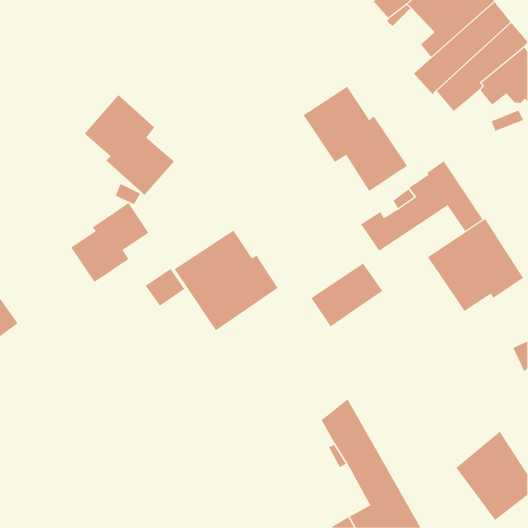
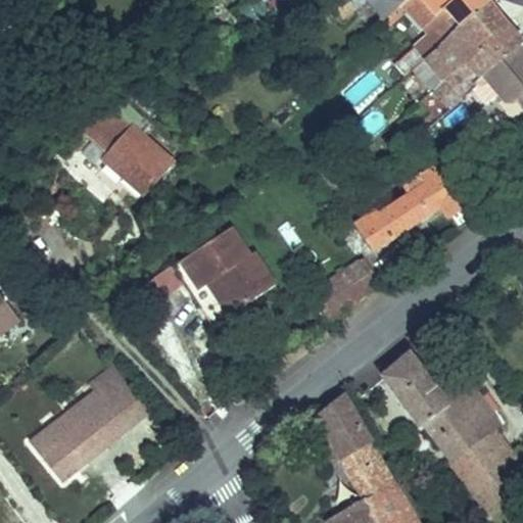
building: [303,86,408,192] -> none
building: [71,202,149,283] -> none
building: [427,218,524,312] -> none
building: none -> [384,352,500,462]
building: none -> [30,365,146,480]

